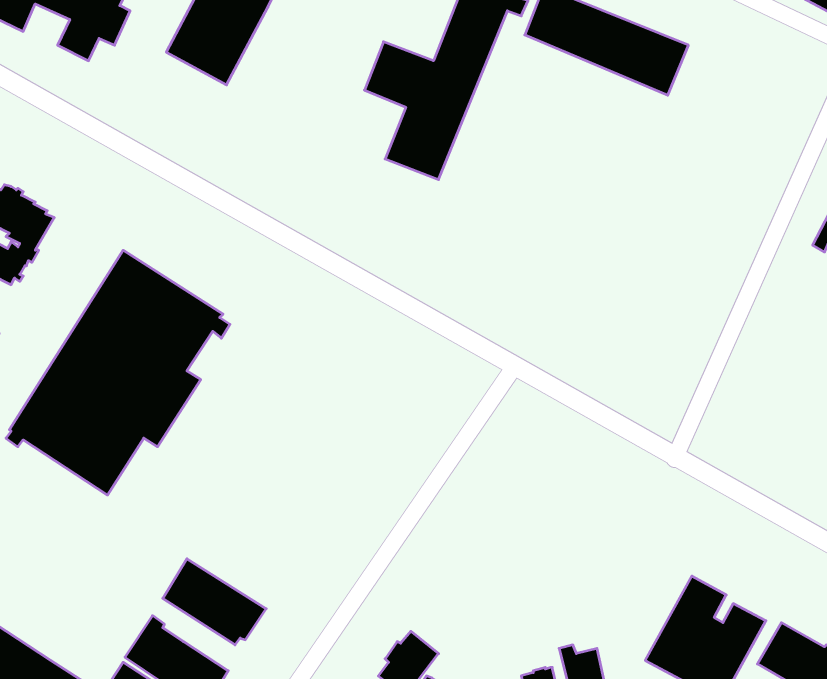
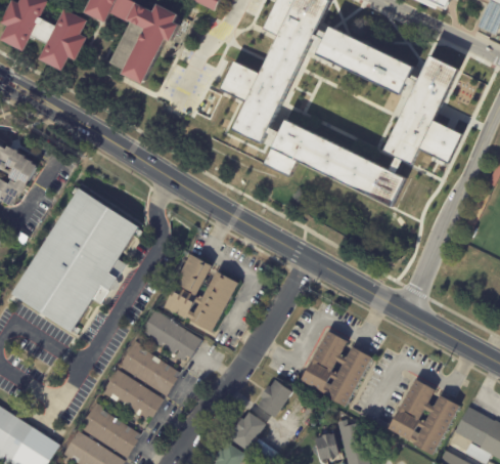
building: none -> [387,53,463,163]
building: none -> [265,121,407,204]
building: none -> [165,252,239,331]
building: none -> [140,308,201,360]
building: none -> [302,329,372,406]
building: none -> [119,340,180,394]
building: none -> [258,379,292,416]

